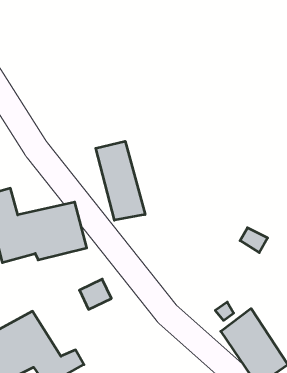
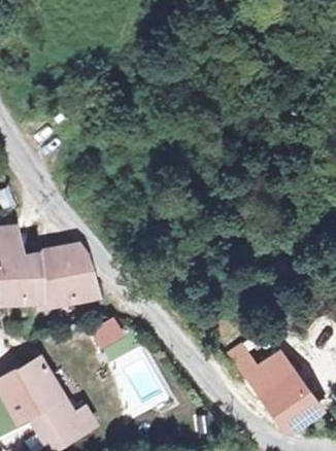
building: [96,141,145,220] -> none

